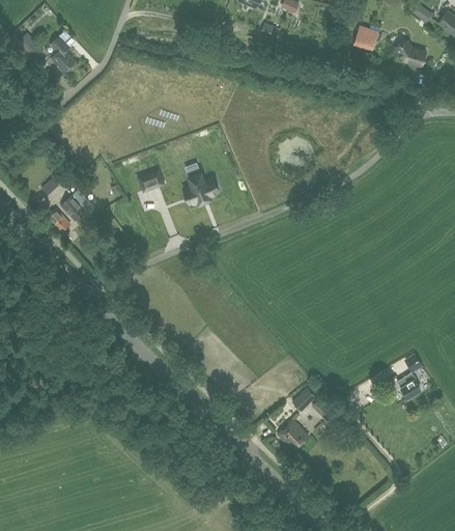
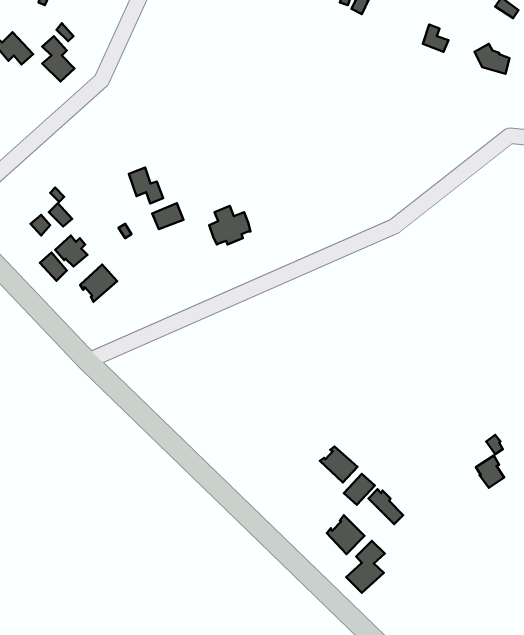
building: none -> [129,167,163,203]
building: none -> [80,264,117,302]
building: none -> [320,447,357,482]
building: none -> [346,541,385,593]

